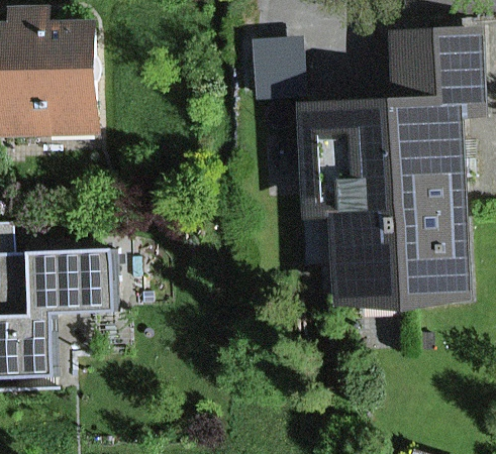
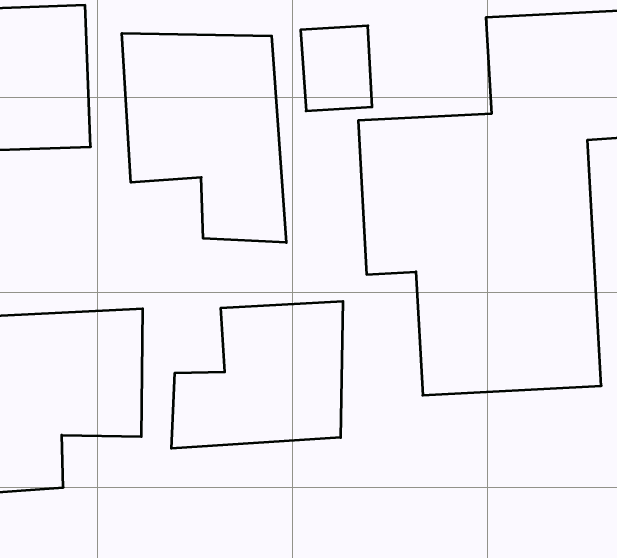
building: none -> [122,33,286,243]
building: none -> [171,301,343,448]

